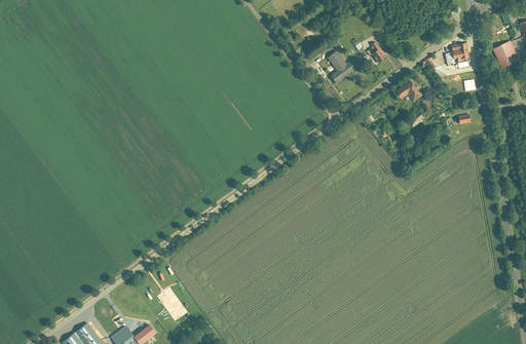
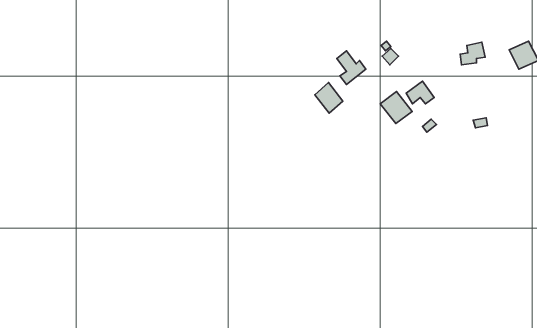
building: none -> [315,83,343,113]
building: none -> [380,92,412,124]

